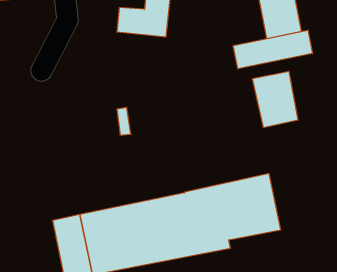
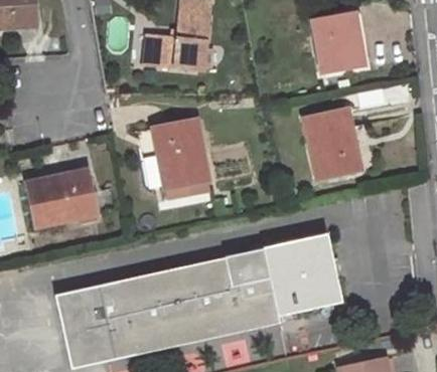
building: [233,30,313,69] -> none
building: none -> [154,120,208,188]
building: none -> [29,169,99,225]

